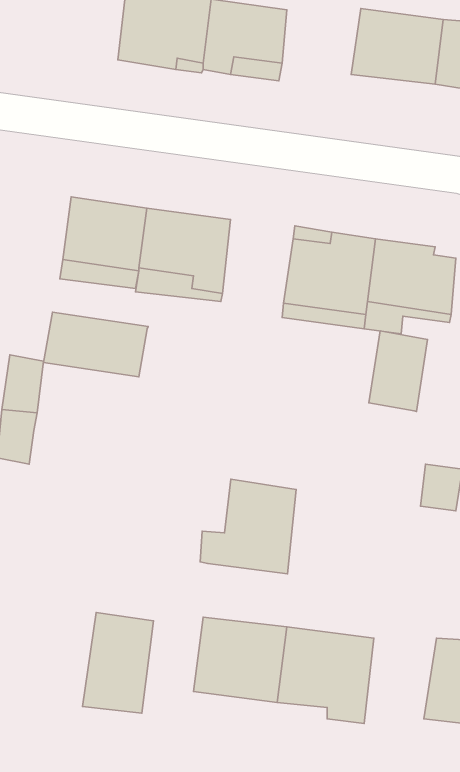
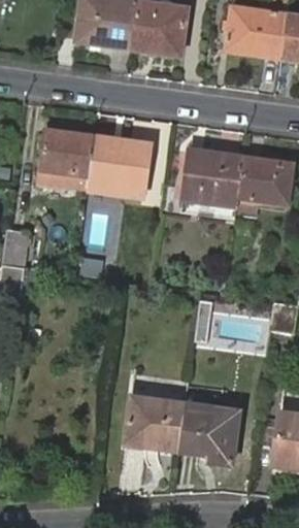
building: [43,312,148,377] -> none
building: [369,331,427,412] -> none
building: [200,479,296,574] -> none
building: [82,613,153,713] -> none

